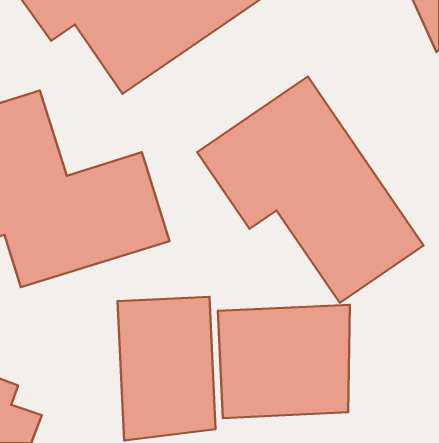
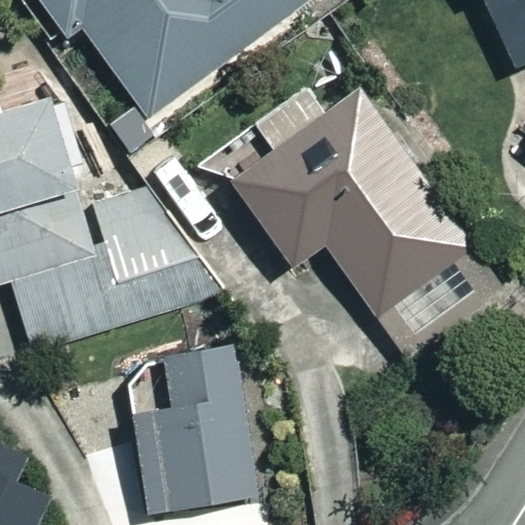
building: [218,305,350,418] -> none

